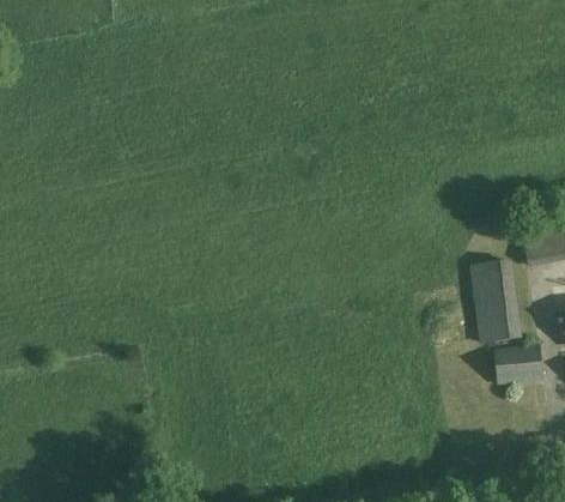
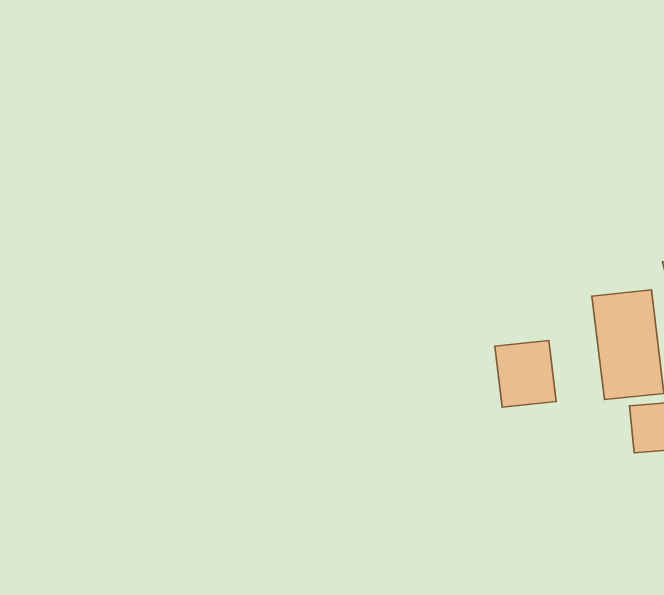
building: none -> [495,341,556,407]

